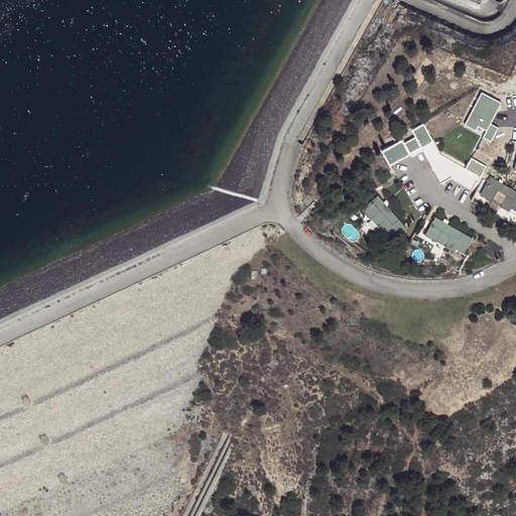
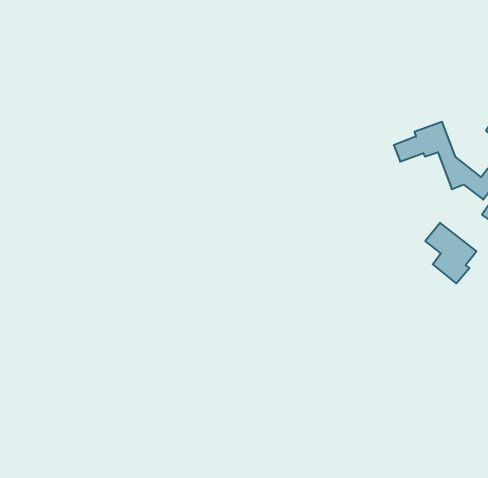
building: [362,197,406,235] -> none

